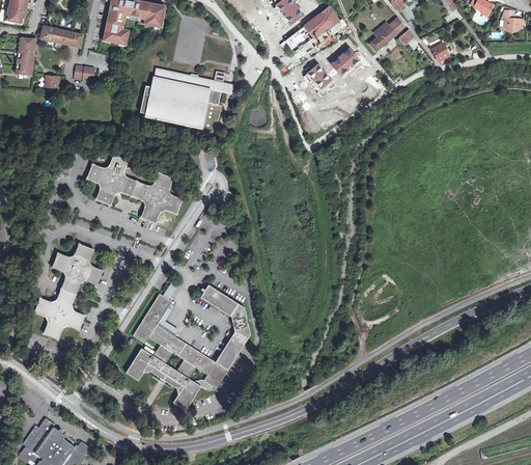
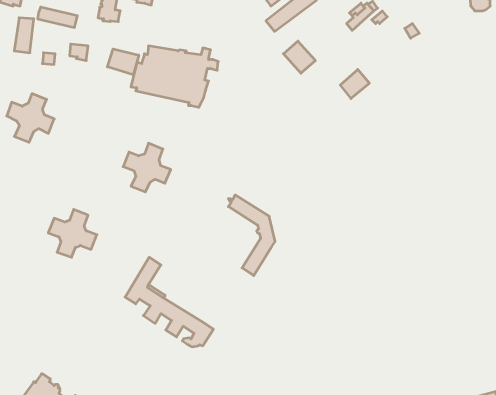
building: [331,47,362,78] -> [340,69,369,99]
building: none -> [107,49,139,75]
building: [87,154,138,206] -> [7,94,54,142]
building: [201,283,251,370] -> [228,195,275,276]
building: [34,288,86,338] -> none
building: [127,348,201,410] -> none

